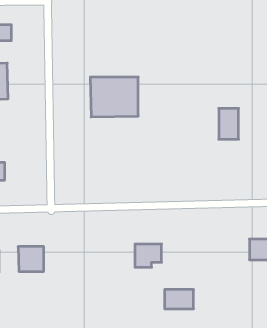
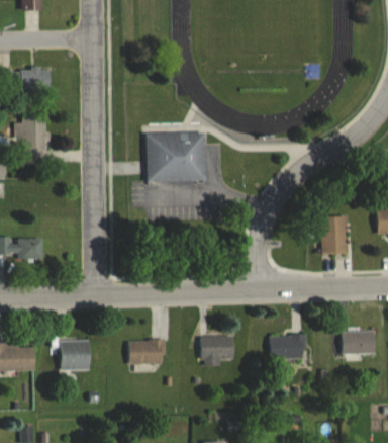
building: [219,108,239,139] -> [322,214,347,252]
building: none -> [129,339,165,363]
building: [165,290,194,309] -> [270,335,305,358]

